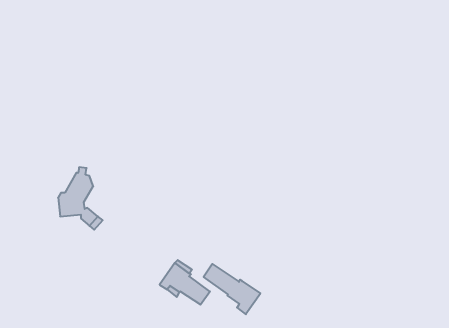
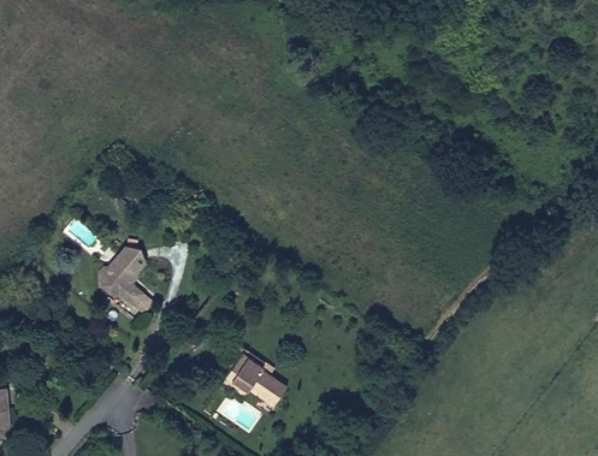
building: [204,264,260,314] -> none

